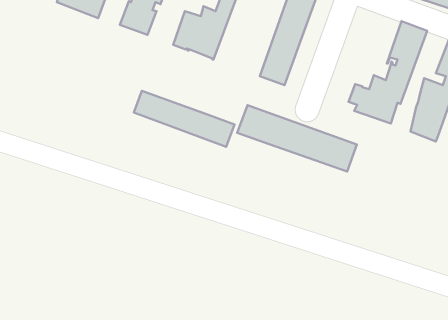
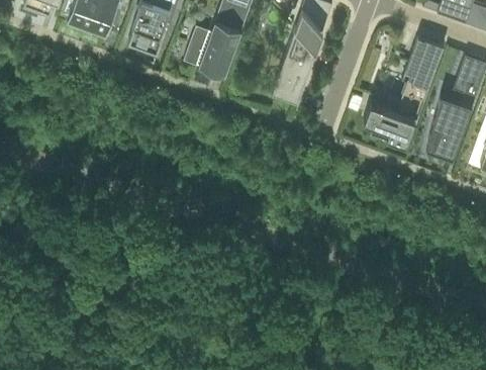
building: [134,91,235,147] -> none
building: [237,105,357,171] -> none

